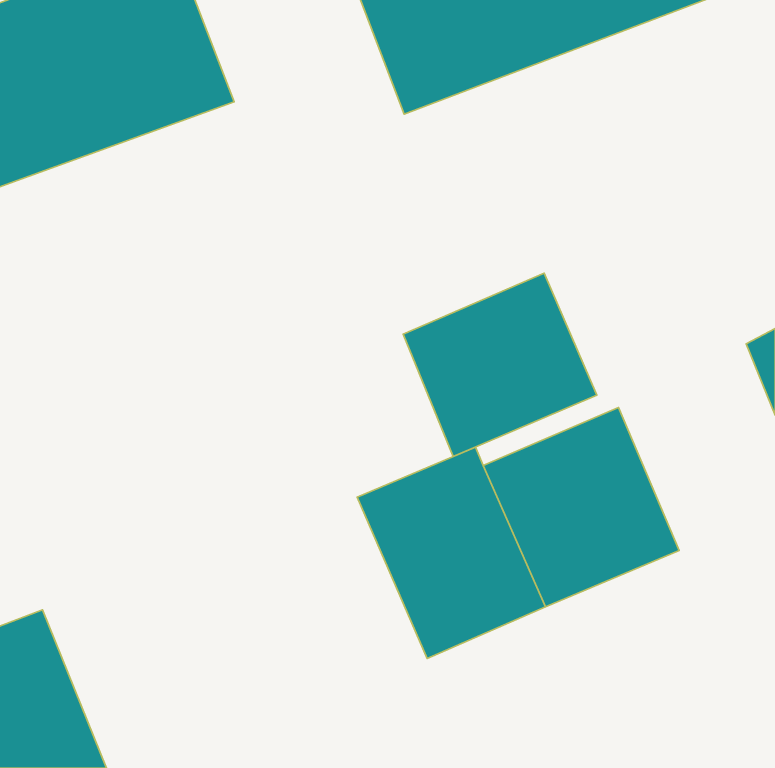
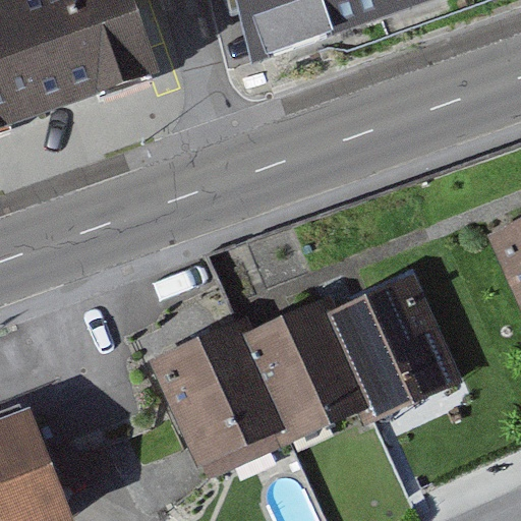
building: [403,273,597,457] -> none
building: none -> [156,323,286,474]

